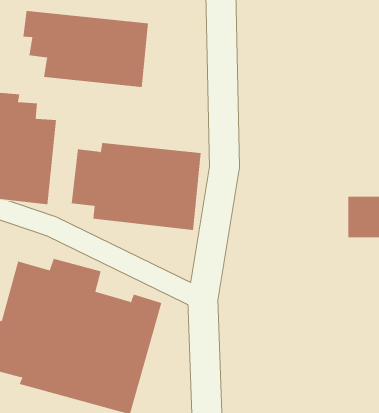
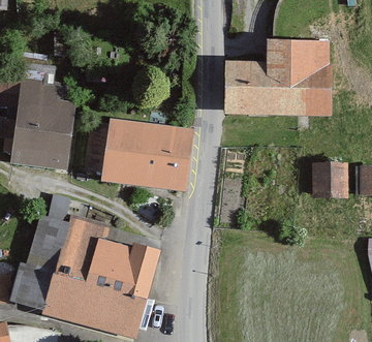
building: [23,10,148,88] -> none
building: none -> [225,40,332,117]

